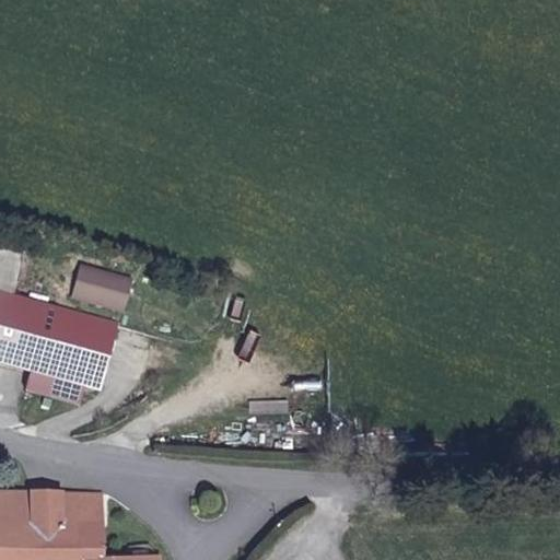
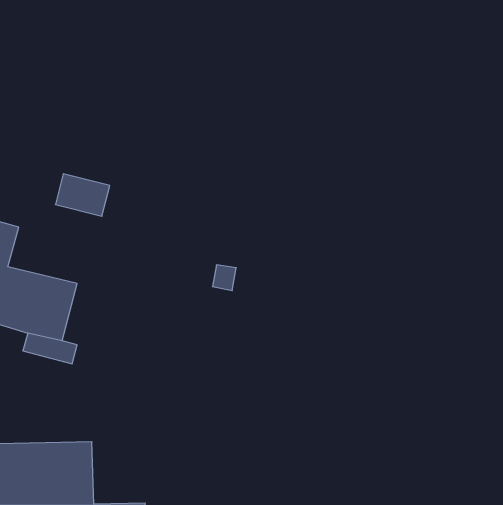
building: [70,265,130,312] -> [55,174,110,216]
building: [69,314,117,386] -> none

